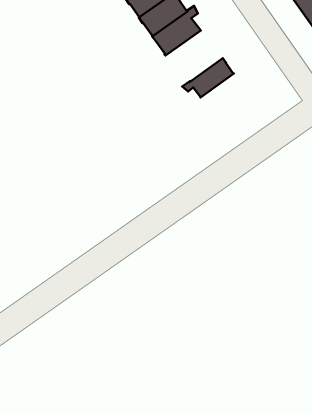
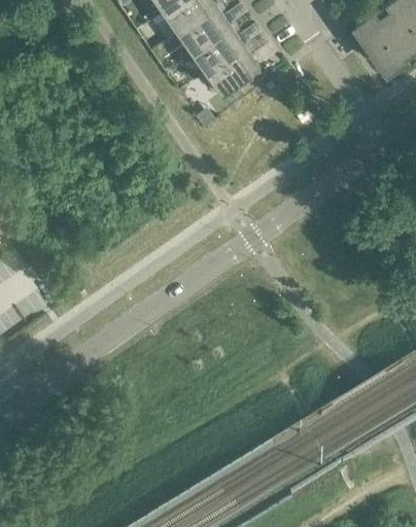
building: [182,58,234,97] -> none

